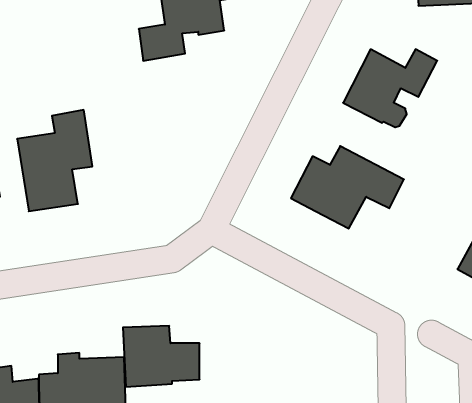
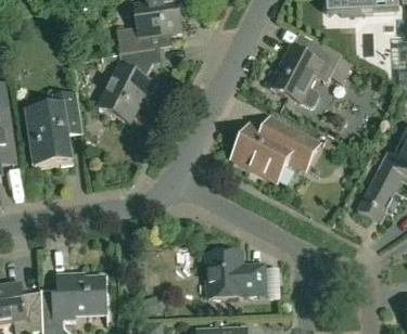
building: none -> [99,47,162,121]
building: [123,326,200,387] -> [206,252,264,297]

